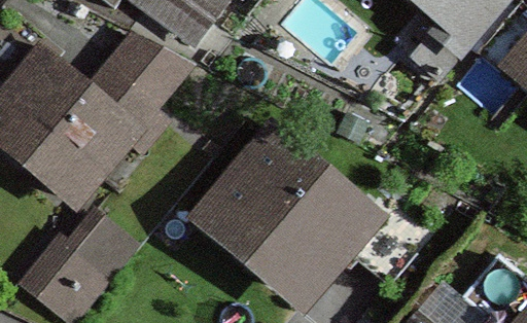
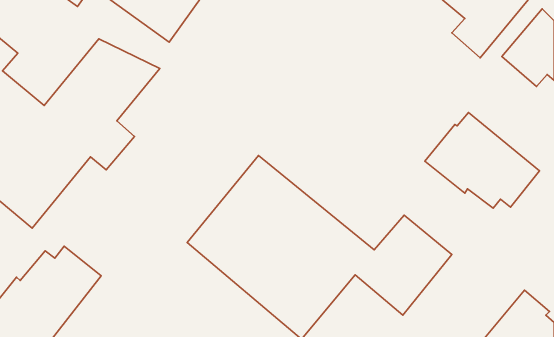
building: none -> [425,113,539,208]

